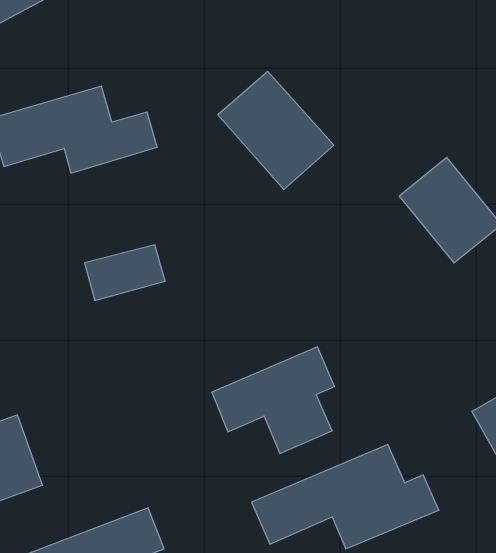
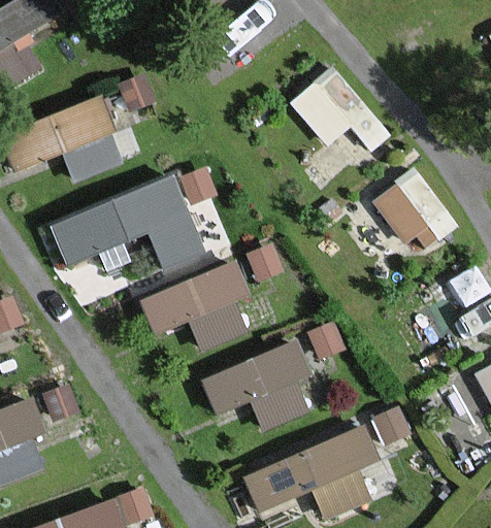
building: [218,72,334,190] -> [288,65,393,172]
building: none -> [46,171,208,270]
building: none -> [138,259,253,351]

